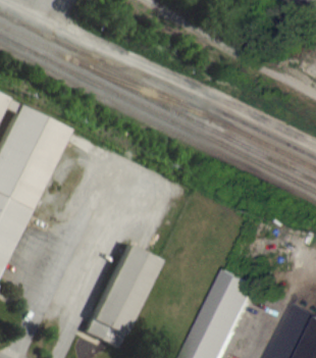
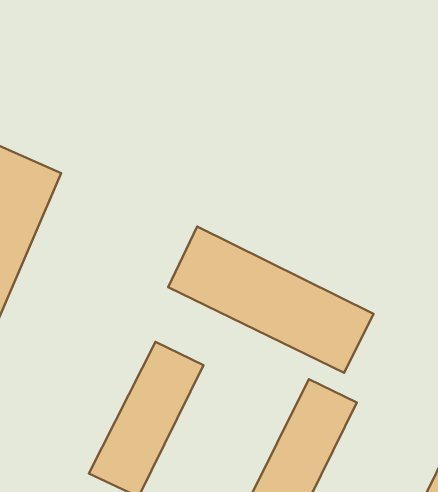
building: none -> [168,226,374,373]

